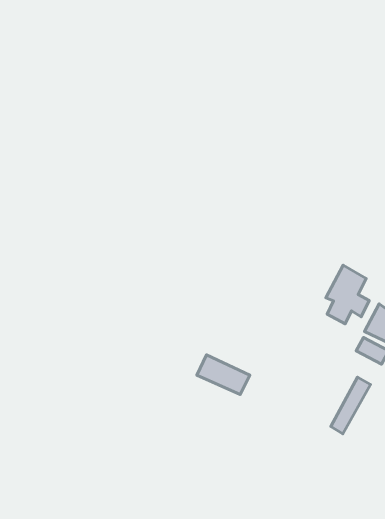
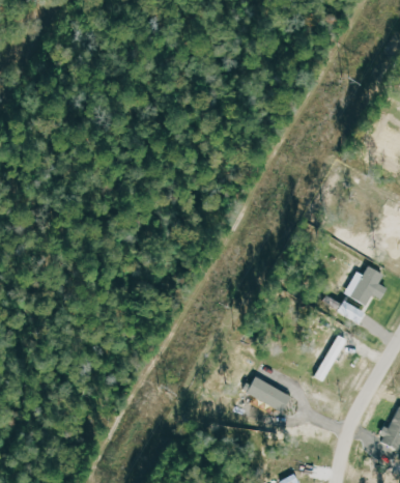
building: [326,265,369,324] -> none
building: [197,355,250,394] -> [245,376,290,410]

